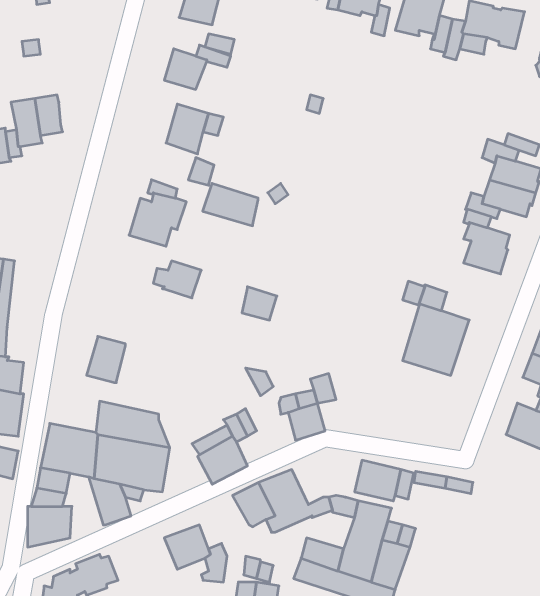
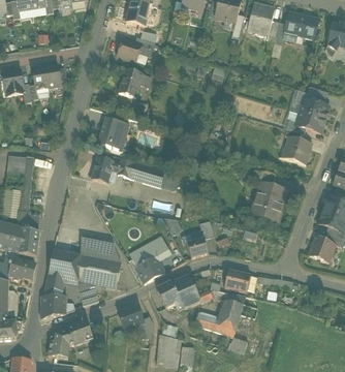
building: [203,183,258,226] -> [132,162,163,186]
building: [87,336,125,383] -> [91,156,113,182]

